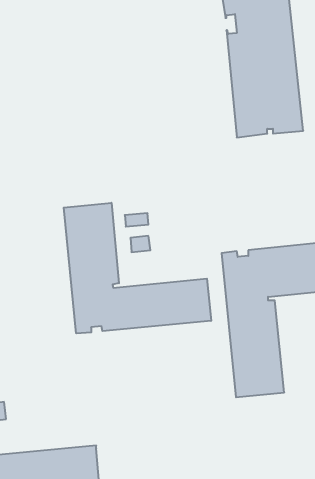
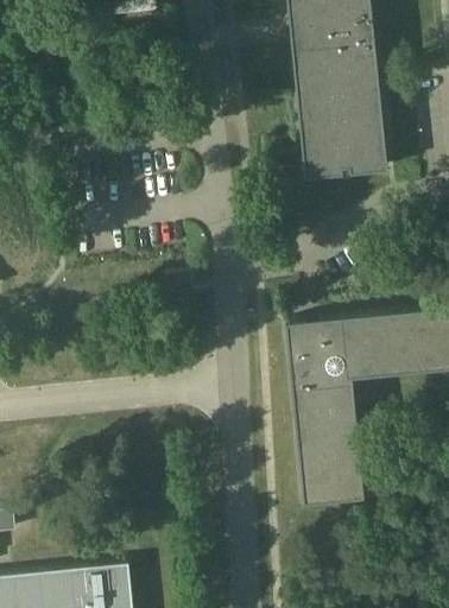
building: [64,203,211,333] -> none

